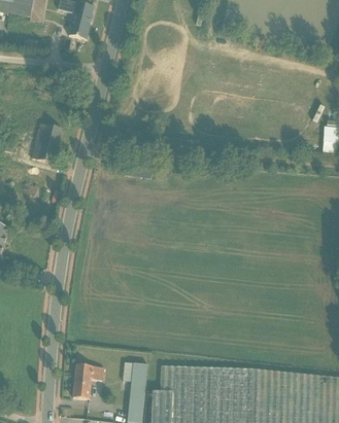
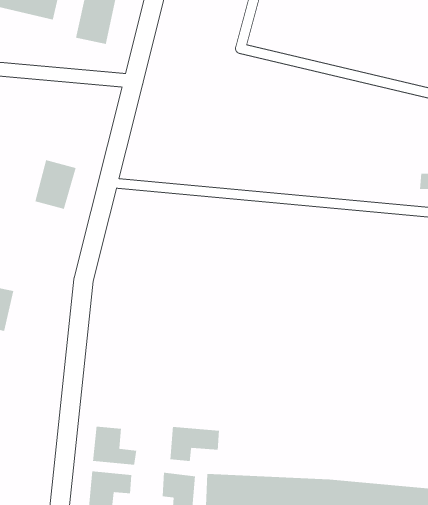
building: none -> [92,426,137,466]
building: none -> [170,426,220,462]

